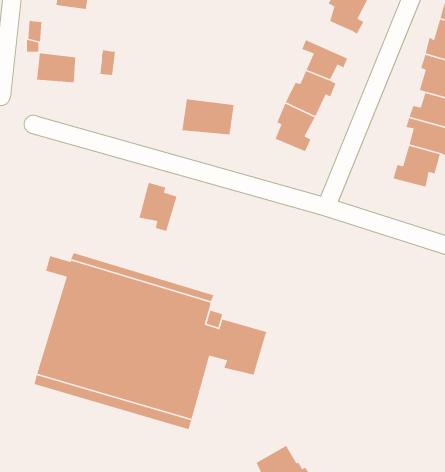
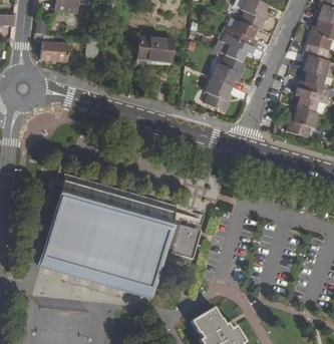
building: none -> [226,18,258,43]
building: [182,98,235,135] -> [138,34,175,59]
building: [138,182,177,232] -> none

